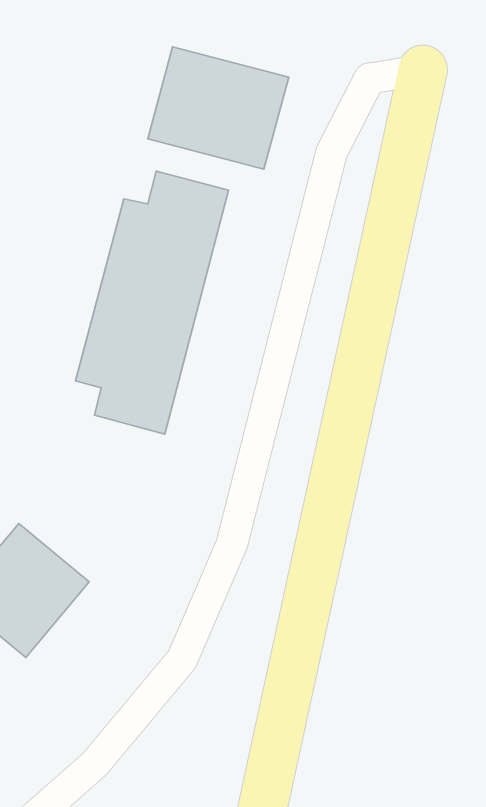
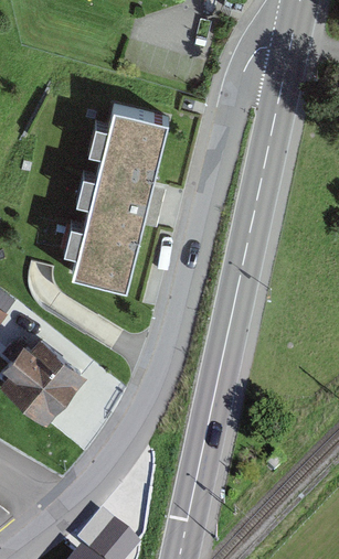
building: [148,47,289,169] -> none

